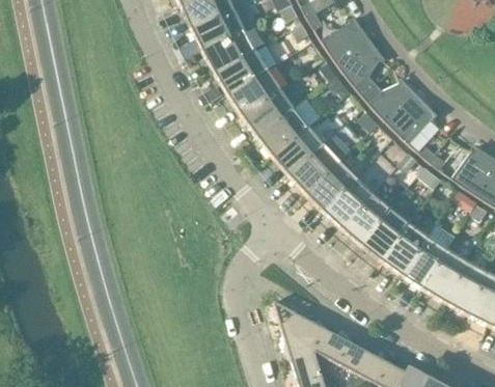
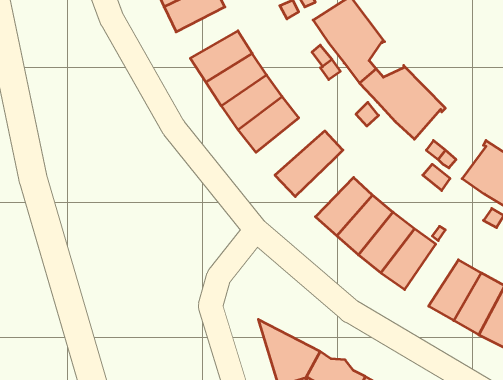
building: [202,29,256,74] -> none
building: [272,126,325,175] -> none
building: [306,161,357,212] -> none
building: [402,236,448,289] -> none

